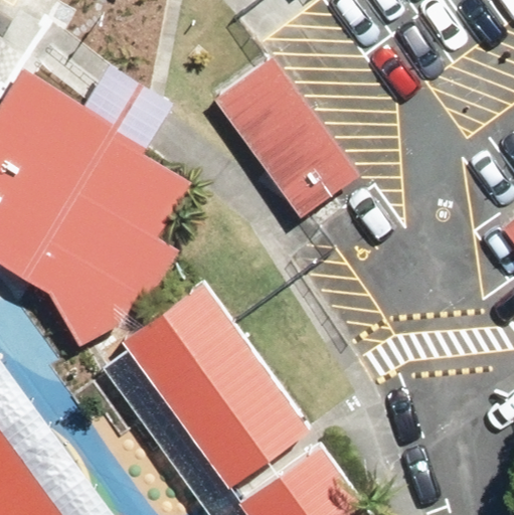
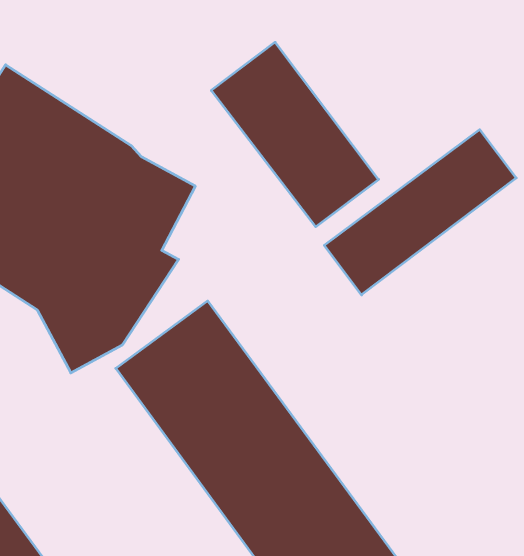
building: none -> [324,130,516,295]

